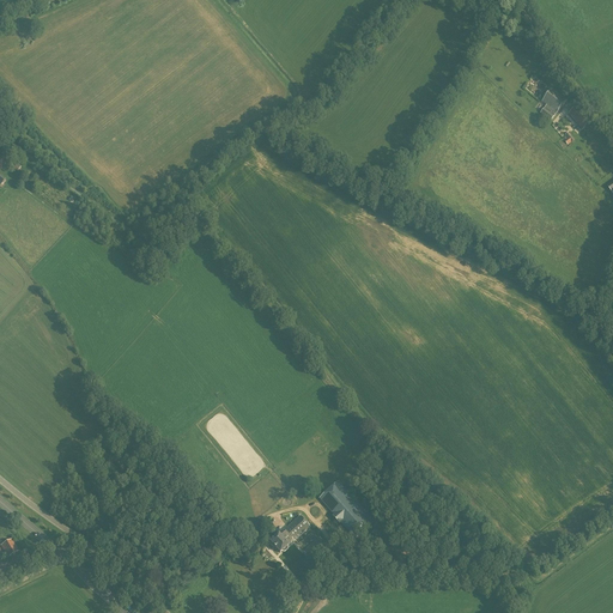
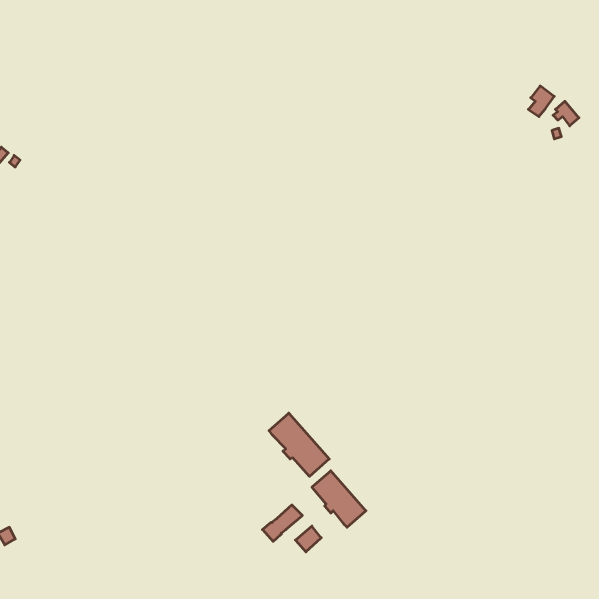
building: none -> [269,413,329,476]

